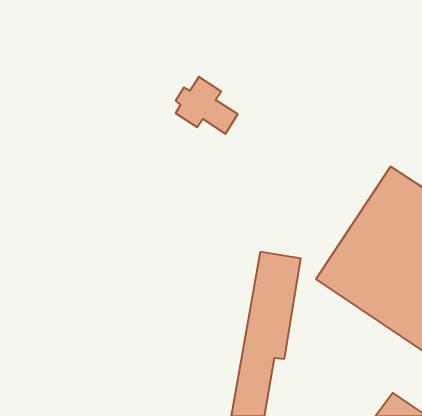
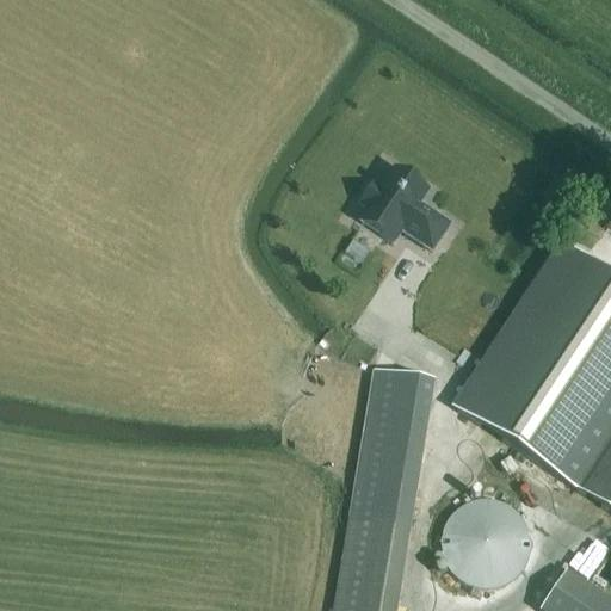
building: [176,77,238,134] -> [362,162,451,245]
building: none -> [442,504,525,588]

